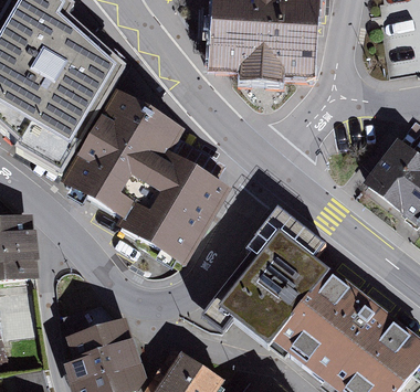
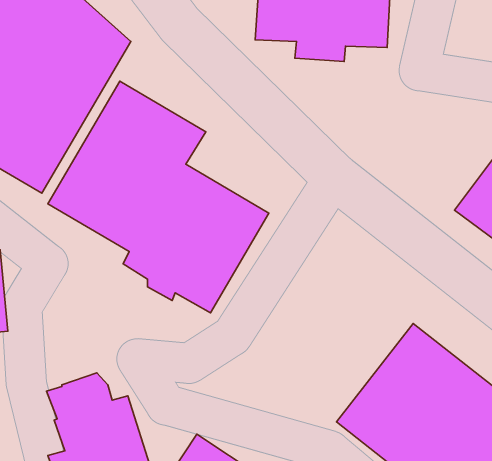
building: [211,203,329,346] -> none

